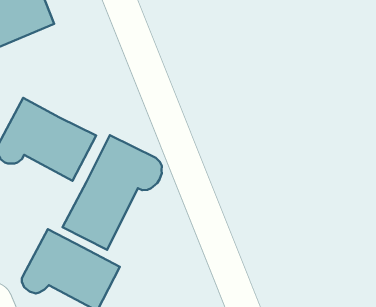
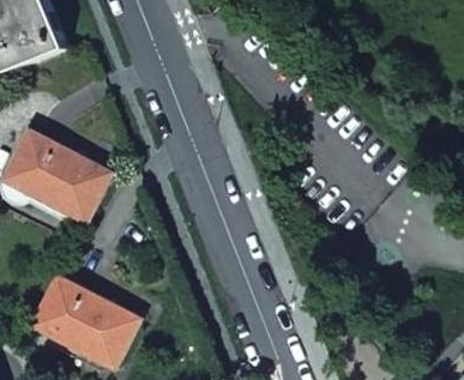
building: [62,135,162,250] -> none

